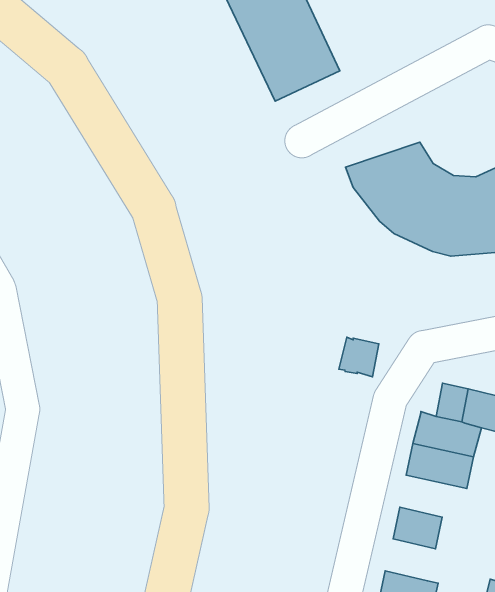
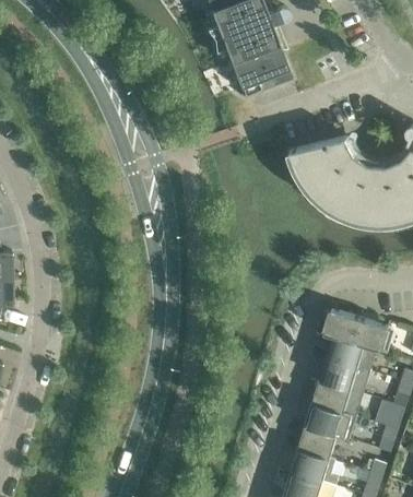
building: [339,337,379,377] -> [319,308,350,339]
building: none -> [311,380,362,416]
building: none -> [297,426,335,459]

